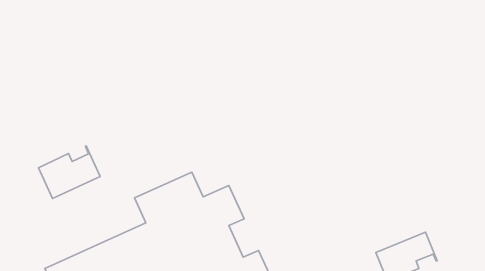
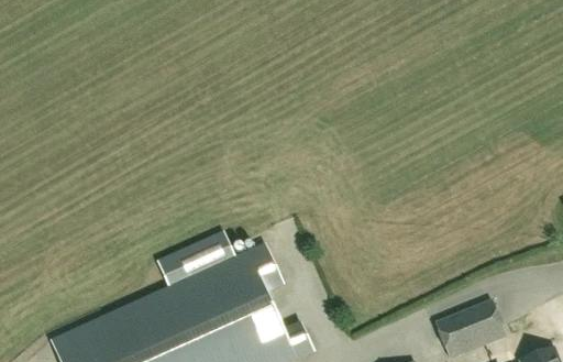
building: [38,146,100,198] -> none

